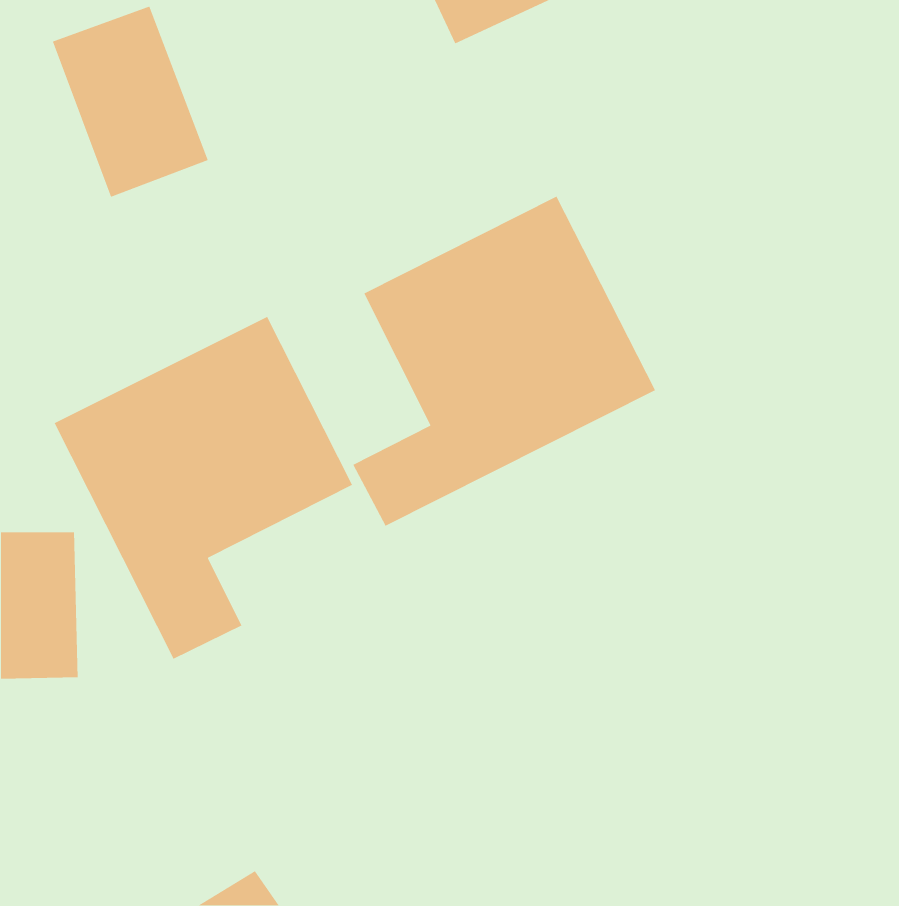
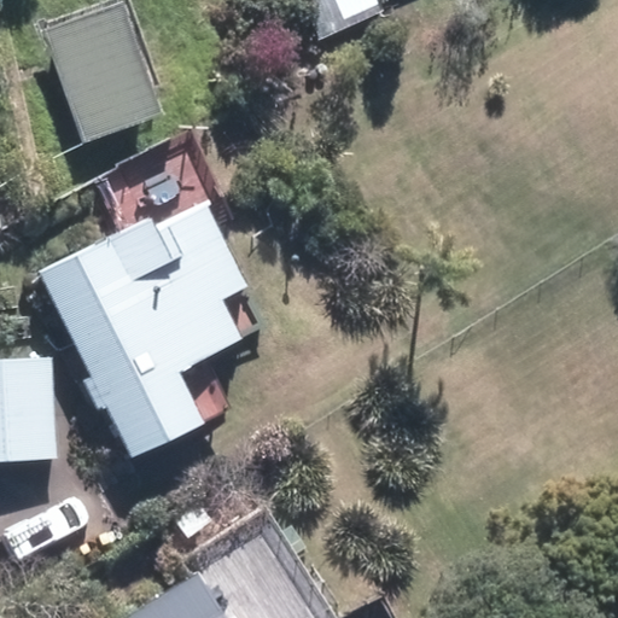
building: [352,196,656,527] -> none

